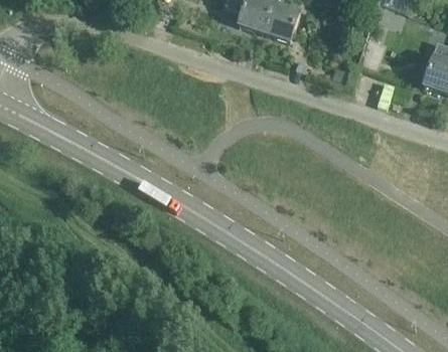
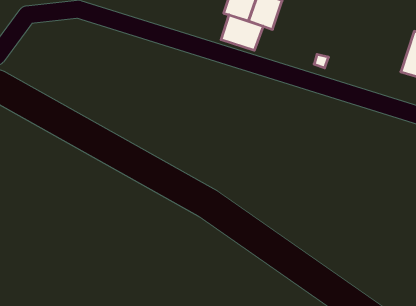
building: none -> [221,15,263,50]

